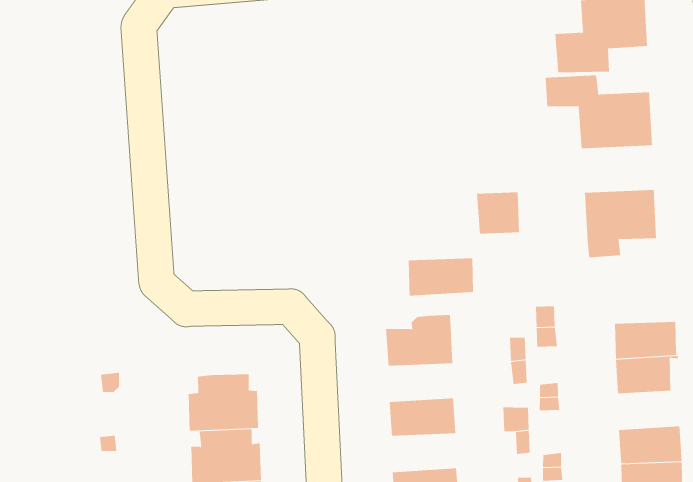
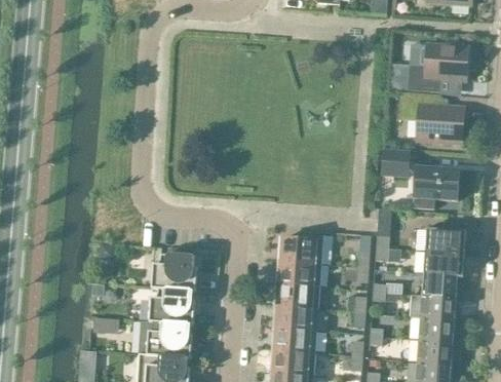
building: [476,192,520,234] -> [382,149,410,177]
building: [408,258,474,296] -> [278,261,321,285]
building: none -> [425,221,465,254]
building: none -> [410,294,459,319]
building: none -> [275,305,318,330]

